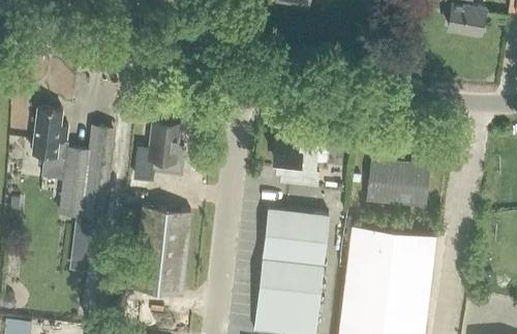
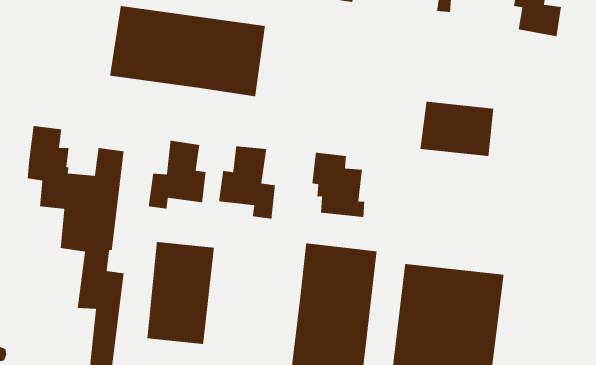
building: none -> [109,5,266,97]
building: none -> [218,145,276,219]
building: [366,160,429,208] -> [420,101,494,157]

